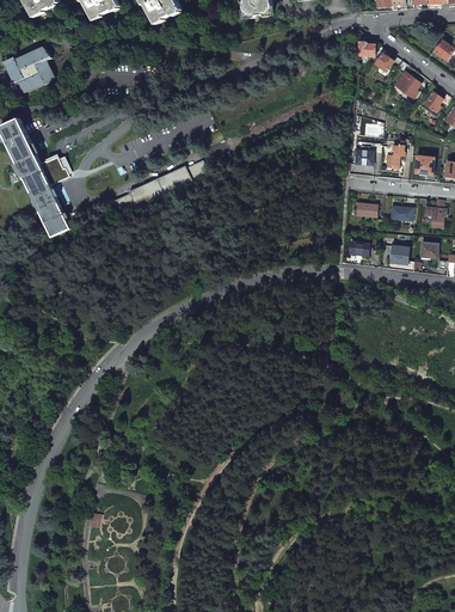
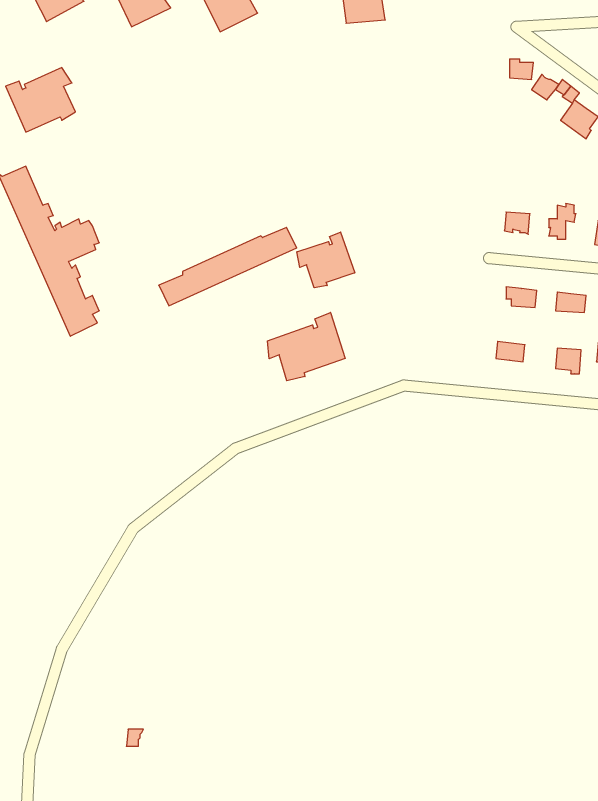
building: none -> [297,232,355,288]
building: none -> [267,312,345,381]

